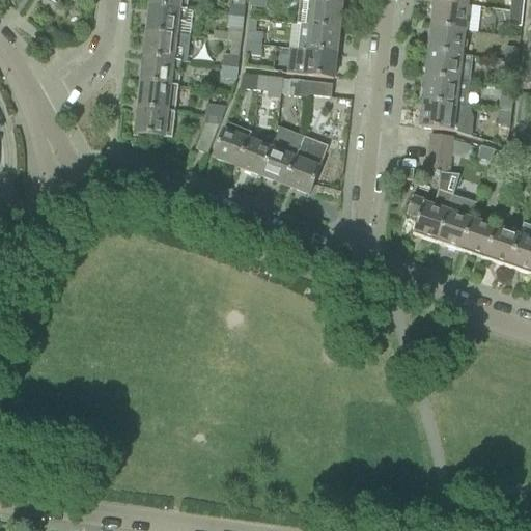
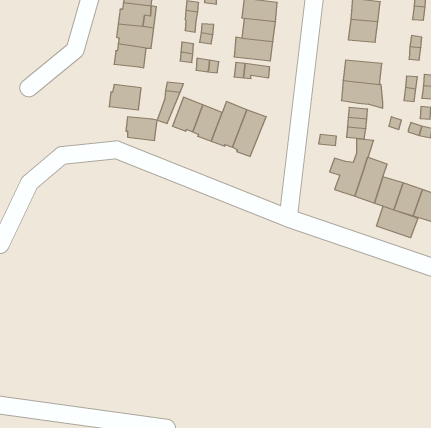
building: [425,49,472,78] -> none
building: [139,79,177,108] -> [126,117,157,140]
building: none -> [377,206,418,238]

